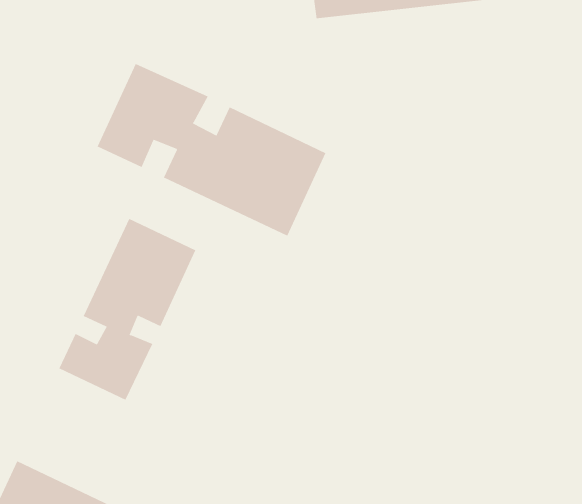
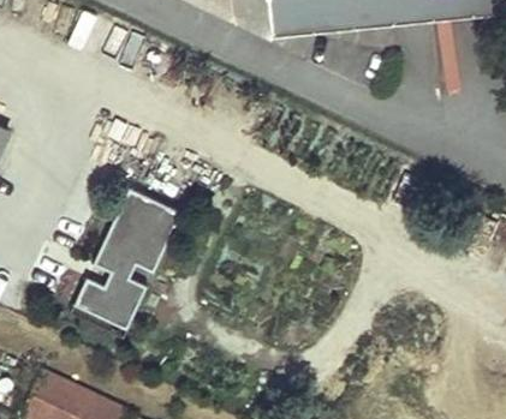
building: [97,63,326,236] -> none

